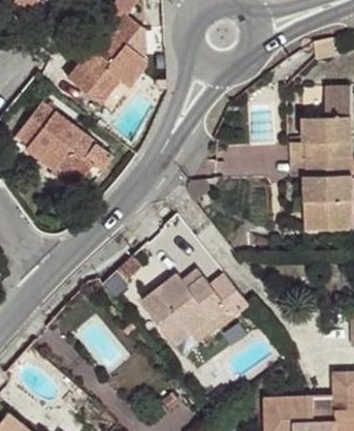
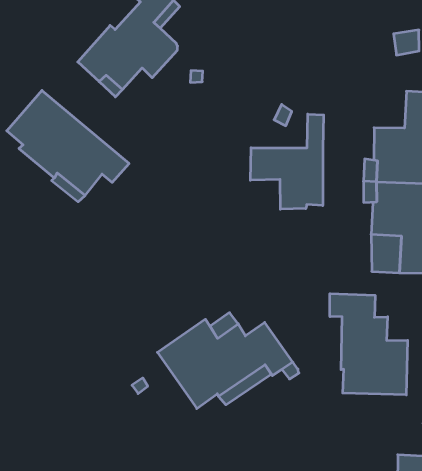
building: none -> [250,114,324,209]
building: none -> [330,294,408,395]

